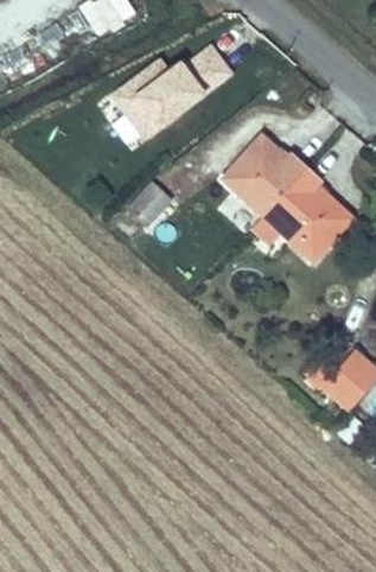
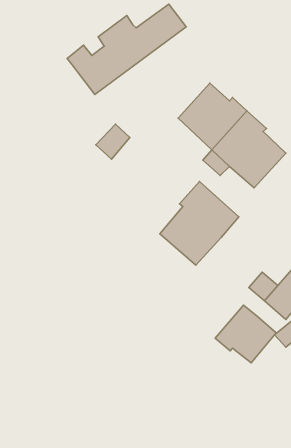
building: none -> [160,181,239,265]
building: none -> [215,305,276,363]

